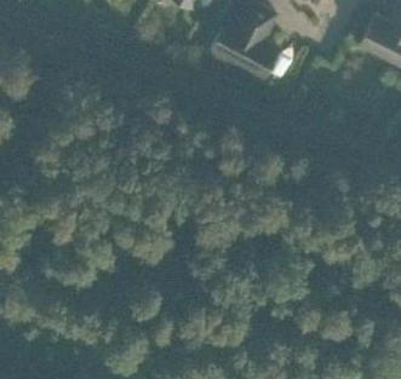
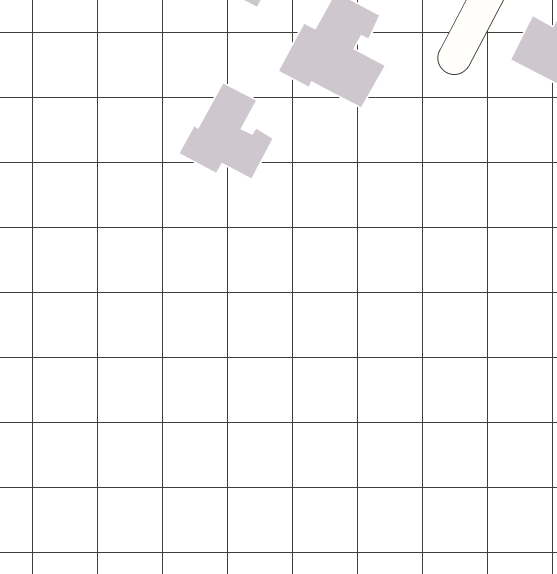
building: none -> [179,83,274,179]

